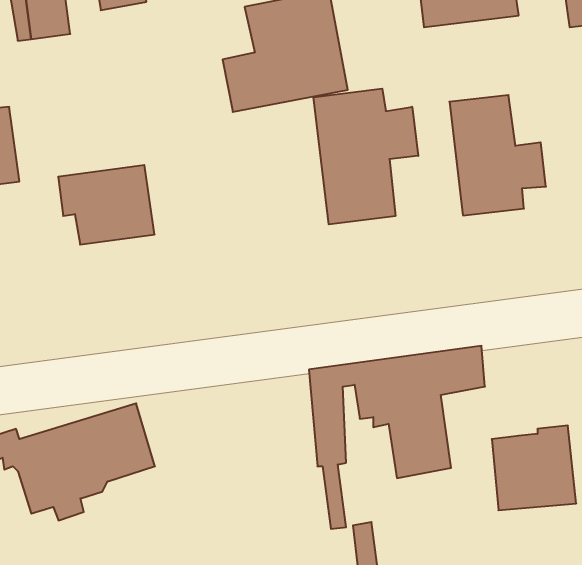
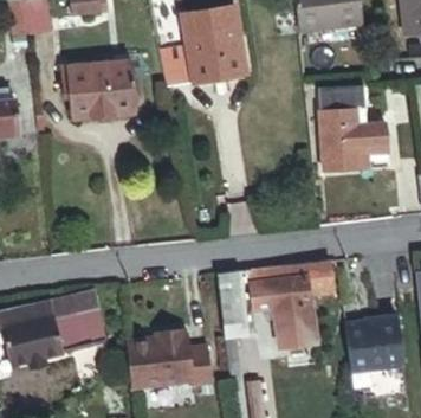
building: [314,89,418,224] -> none
building: [58,165,155,245] -> [60,67,128,123]
building: none -> [131,330,214,390]

